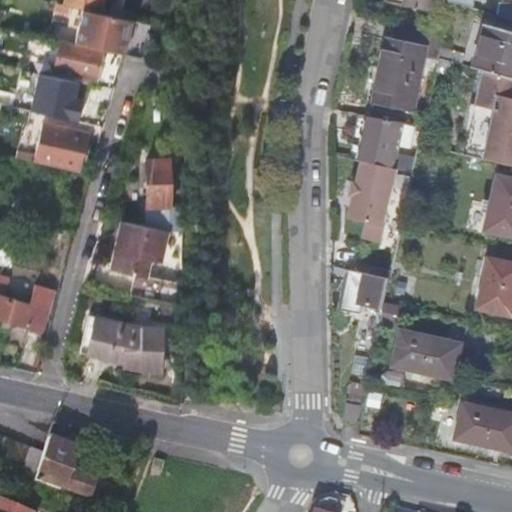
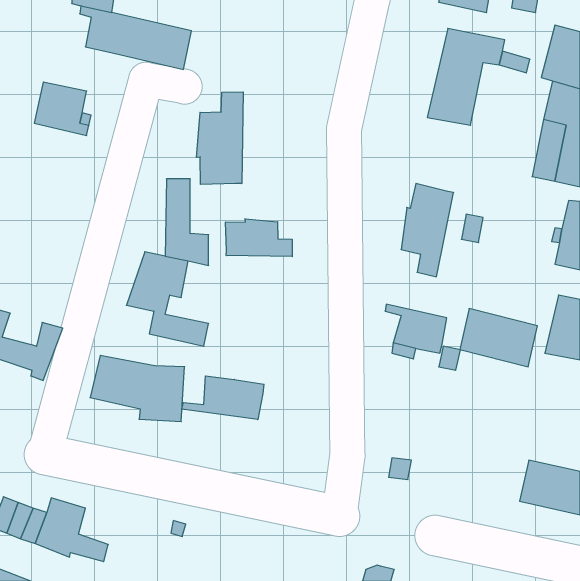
building: [53,38,101,77] -> none
building: none -> [196,92,243,184]
building: [358,116,403,168] -> none
building: [32,122,90,171] -> none
building: none -> [226,219,292,257]
building: [394,330,462,381] -> [460,309,537,367]
building: none -> [182,376,264,420]

